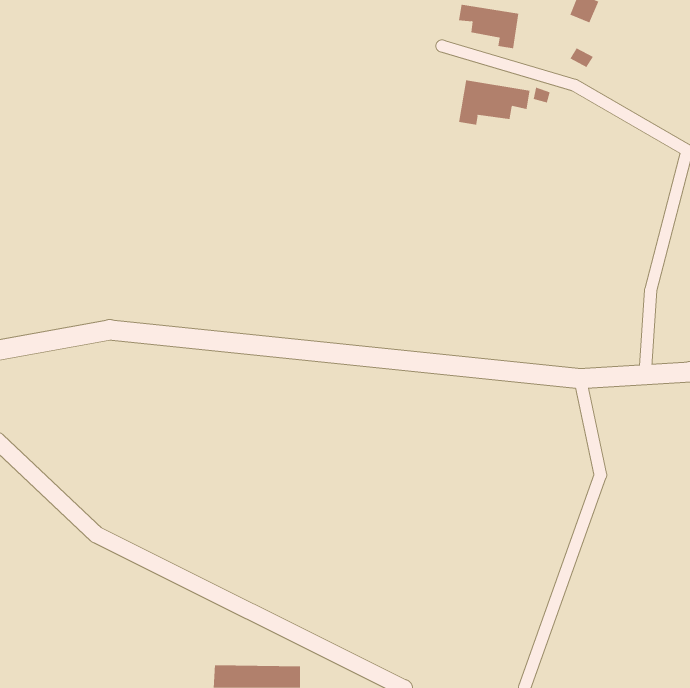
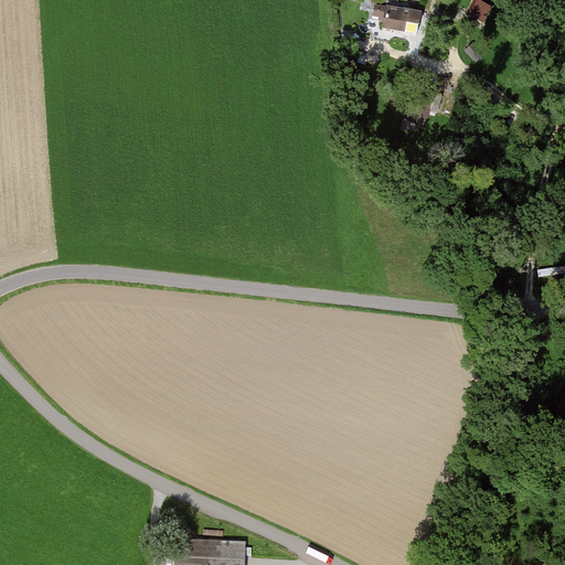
building: [458,80,530,125] -> none

